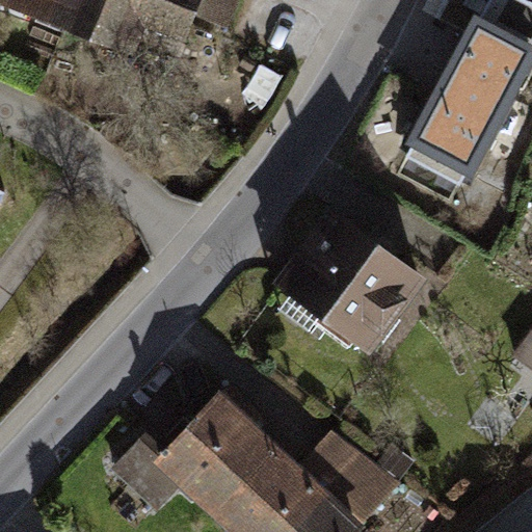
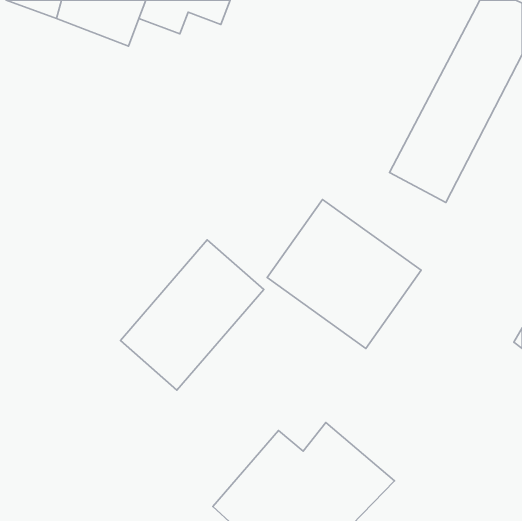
building: none -> [120,240,264,390]
building: [109,382,282,516] -> none

